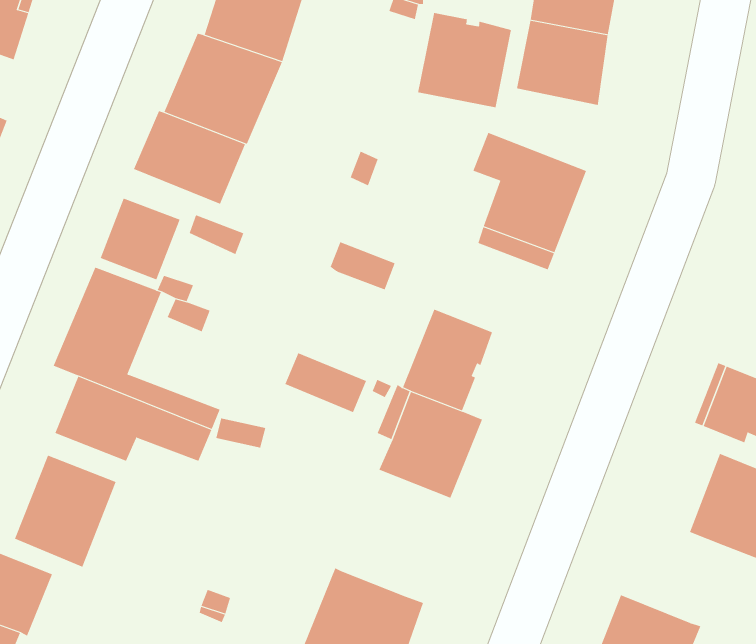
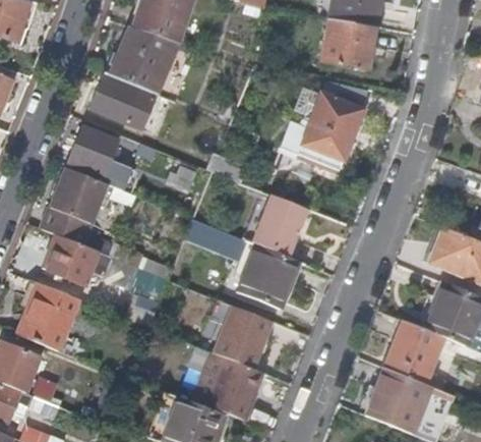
building: [417,12,512,108] -> none
building: none -> [215,306,272,368]
building: none -> [383,320,445,384]

